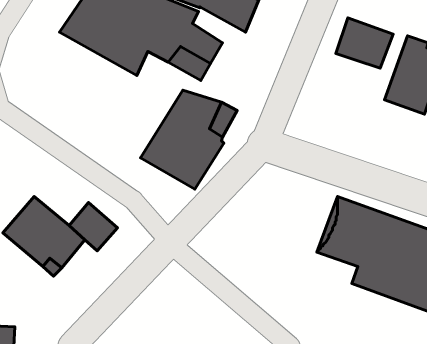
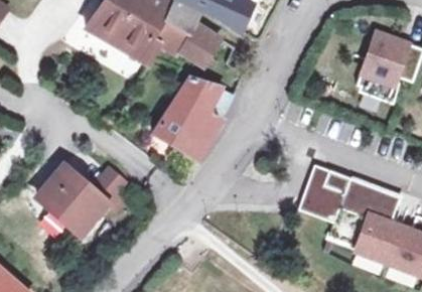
building: [336,18,393,68] -> none

